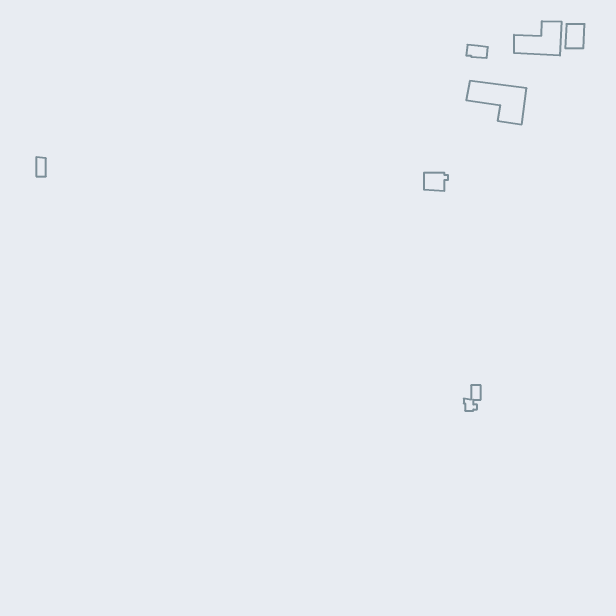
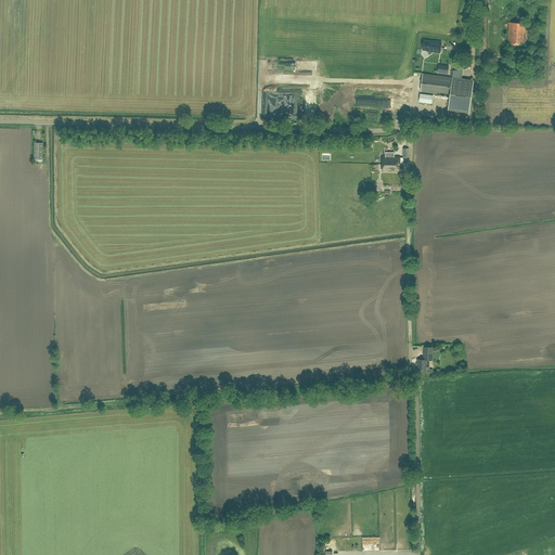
building: [514,21,562,56] -> none

